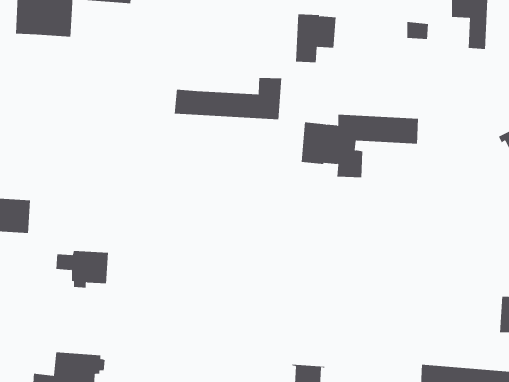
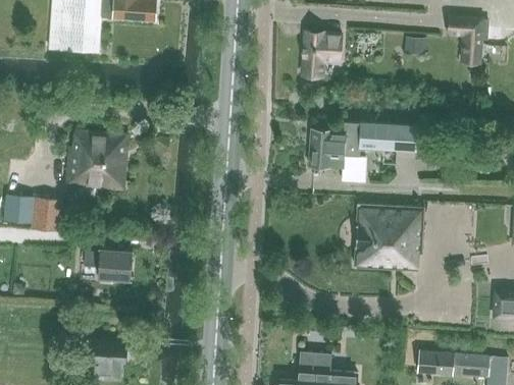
building: [174,77,282,120] -> none
building: none -> [68,130,126,185]
building: none -> [356,203,424,269]

